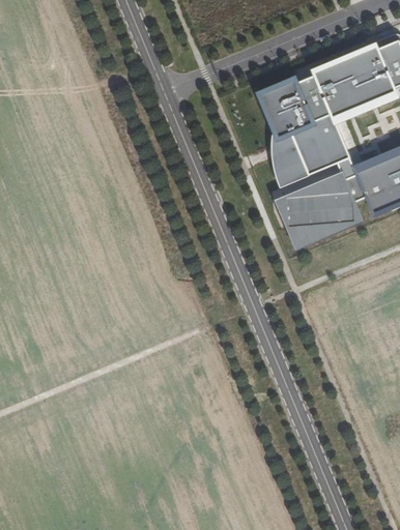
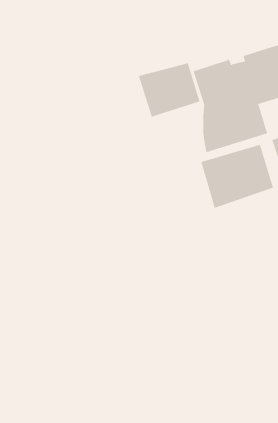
building: none -> [138,62,200,117]

